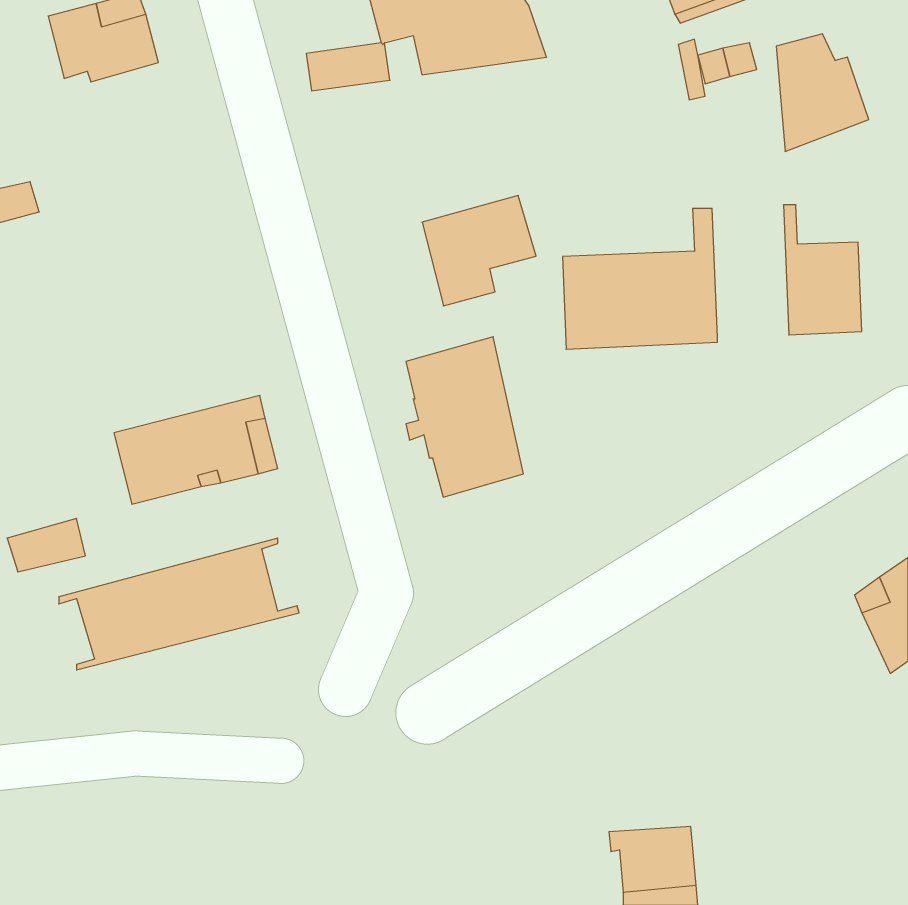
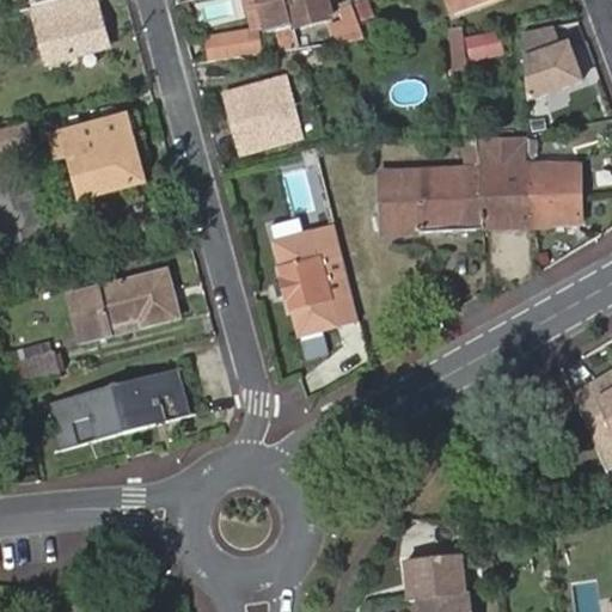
building: none -> [51,112,146,197]
building: [422,195,536,306] -> [228,76,305,151]
building: none -> [478,137,530,226]

